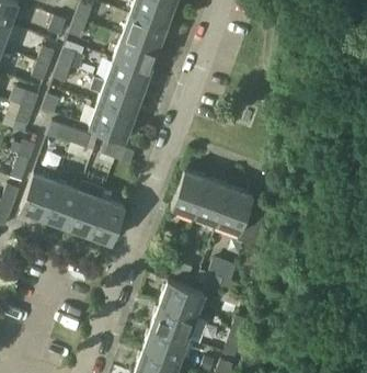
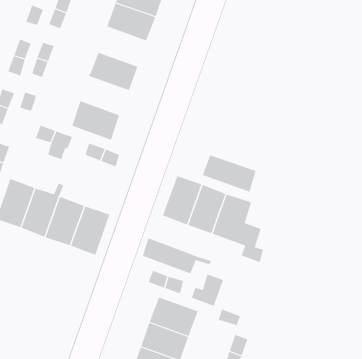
building: [114,36,158,72] -> none
building: [91,77,142,116] -> none
building: none -> [202,155,256,192]
building: none -> [142,238,211,274]

